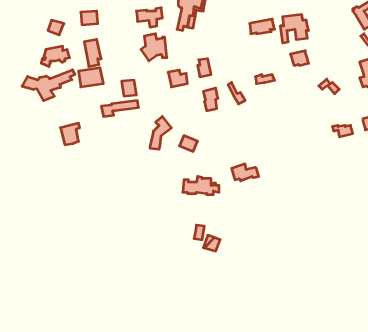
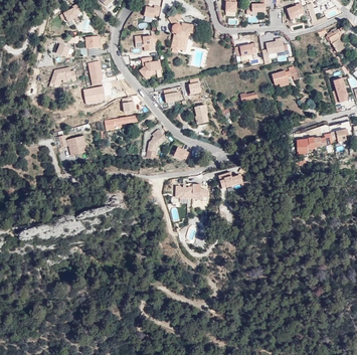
building: [22,70,75,101] -> none

